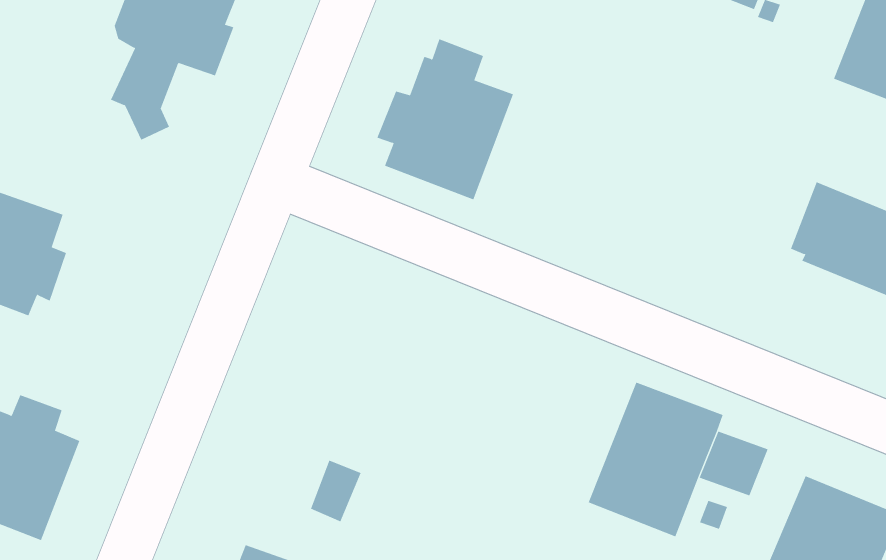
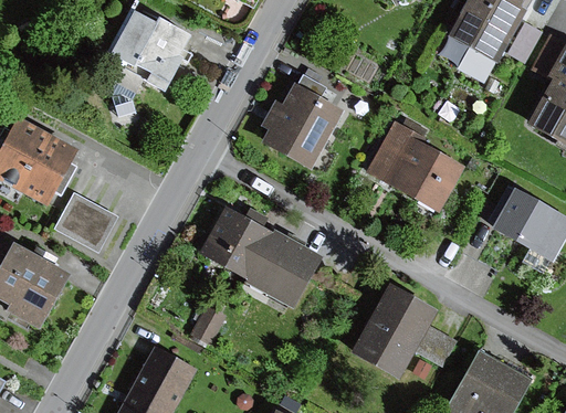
building: none -> [364,120,463,213]
building: none -> [196,206,319,308]
building: none -> [55,191,118,251]

